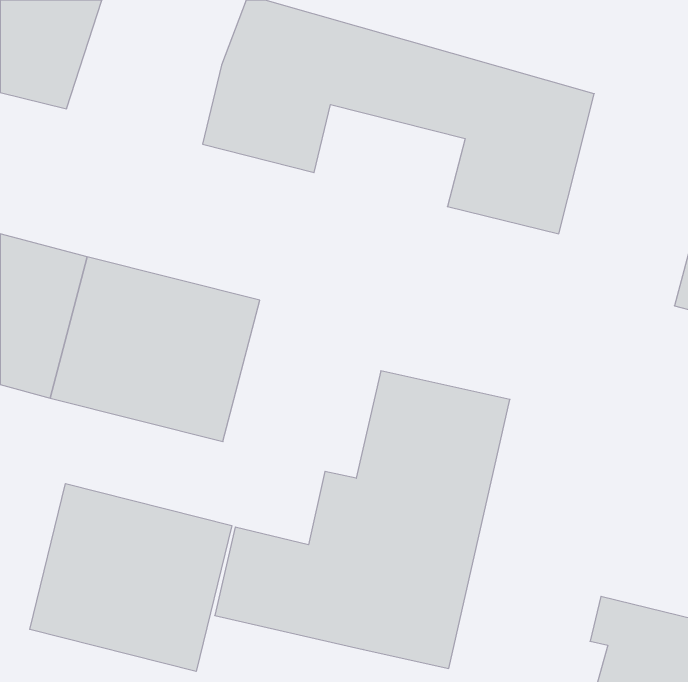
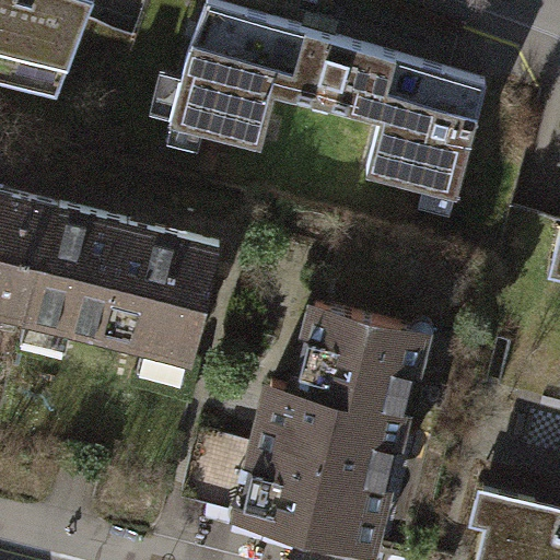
building: [30,484,232,671] -> none

